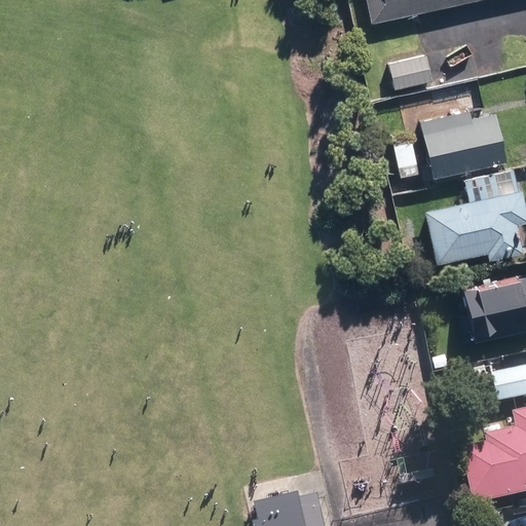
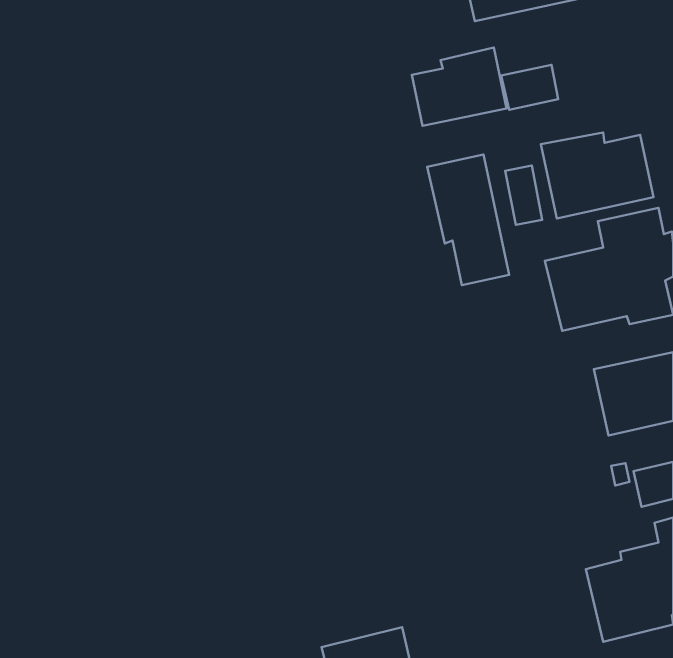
building: none -> [412,48,507,126]
building: none -> [427,155,509,285]

